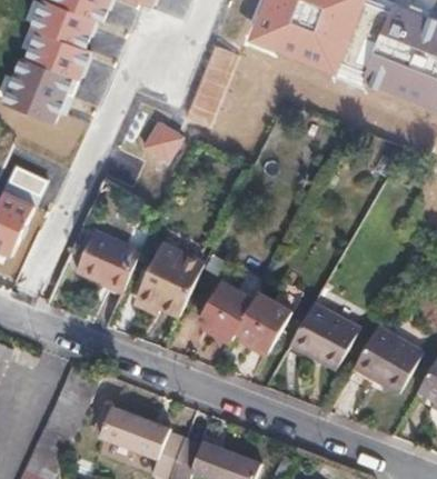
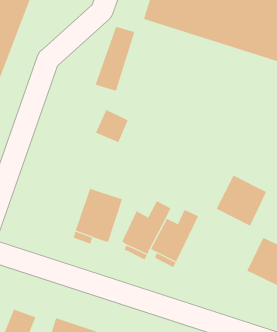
building: [137,120,180,163] -> [95,109,129,143]
building: [77,229,142,290] -> none
building: [291,301,357,368] -> [216,175,267,227]

